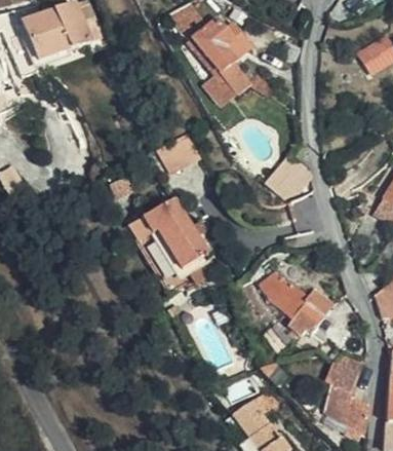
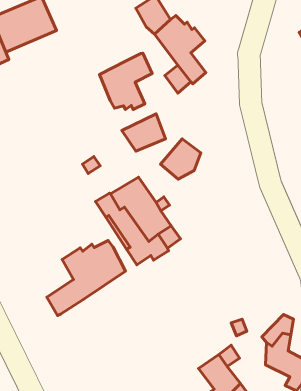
building: none -> [99,53,152,110]
building: [262,156,306,200] -> [161,139,201,179]
building: [271,272,340,336] -> none
building: none -> [47,241,126,316]

